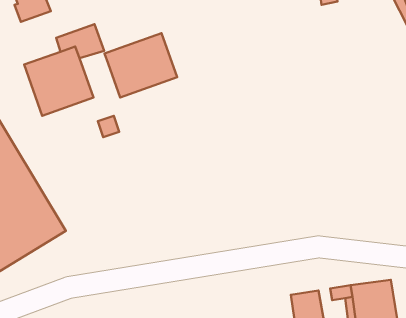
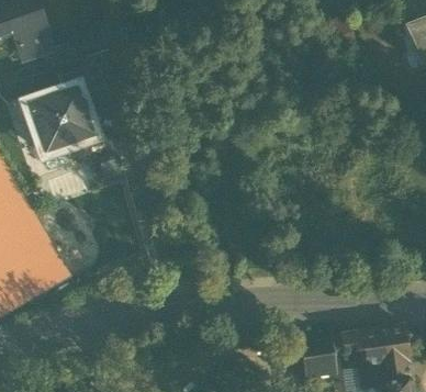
building: [105,33,177,97] -> none

